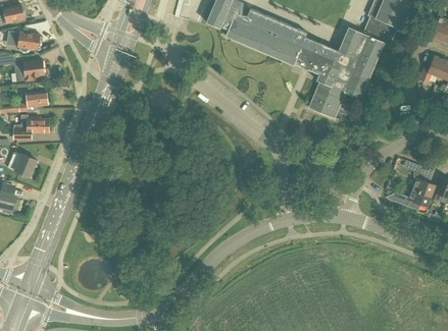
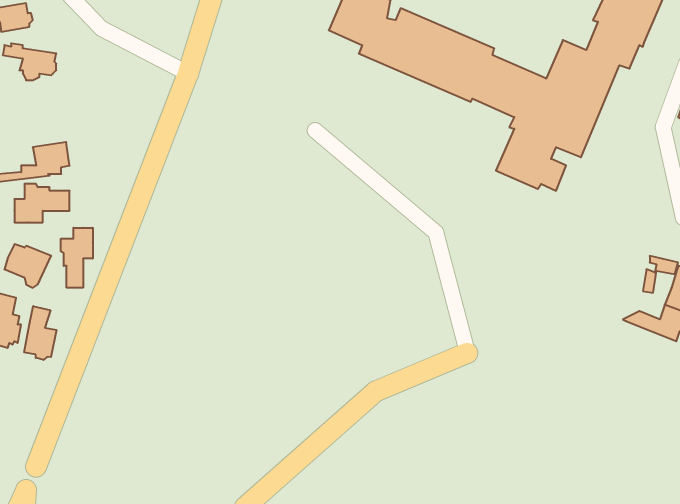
building: [14,60,44,81] -> none
building: none -> [61,228,93,288]
building: none -> [24,306,56,360]

